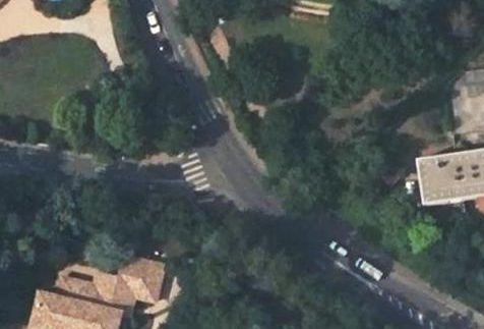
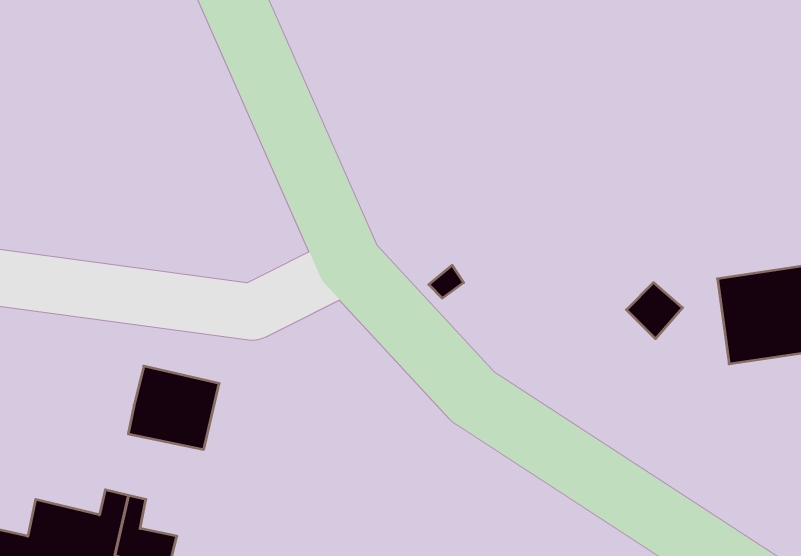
building: [114,256,162,299] -> [128,366,219,449]

